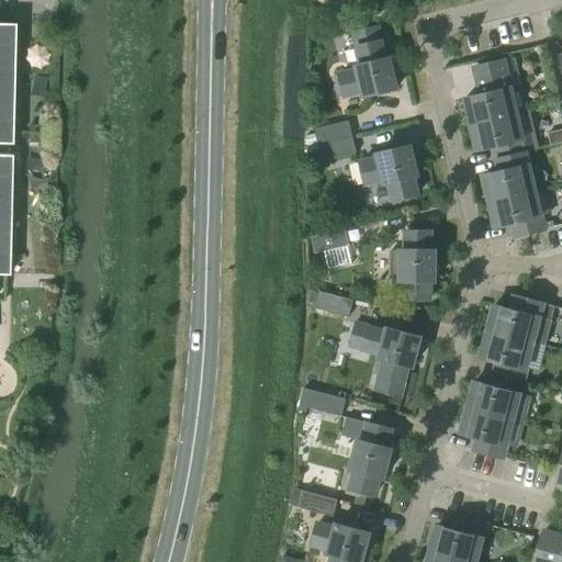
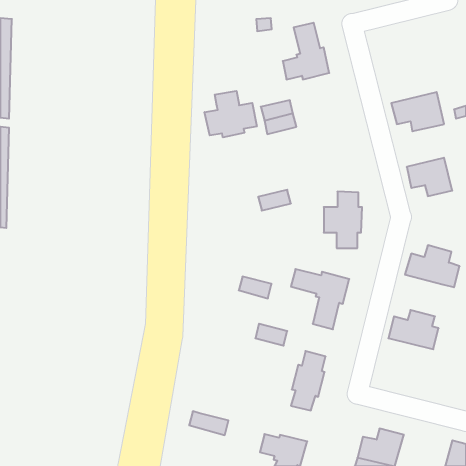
building: [465,60,526,124] -> none
building: none -> [205,91,257,137]
building: [361,145,418,200] -> none
building: [483,151,535,201] -> none
building: [314,291,353,317] -> [239,277,272,298]
building: [481,330,533,381] -> none
building: [461,407,521,458] -> none
building: [291,488,338,517] -> [189,411,228,435]

